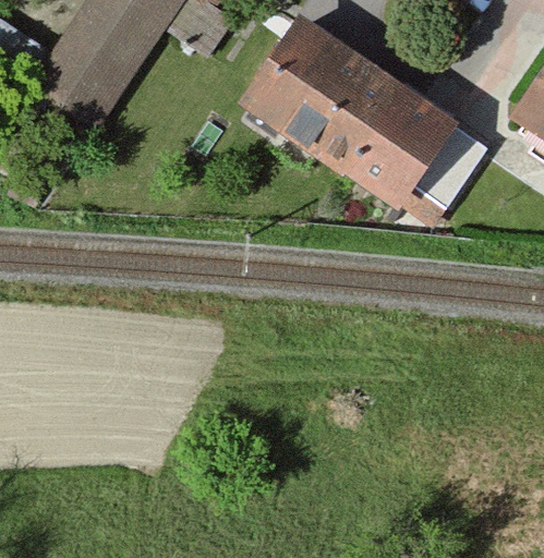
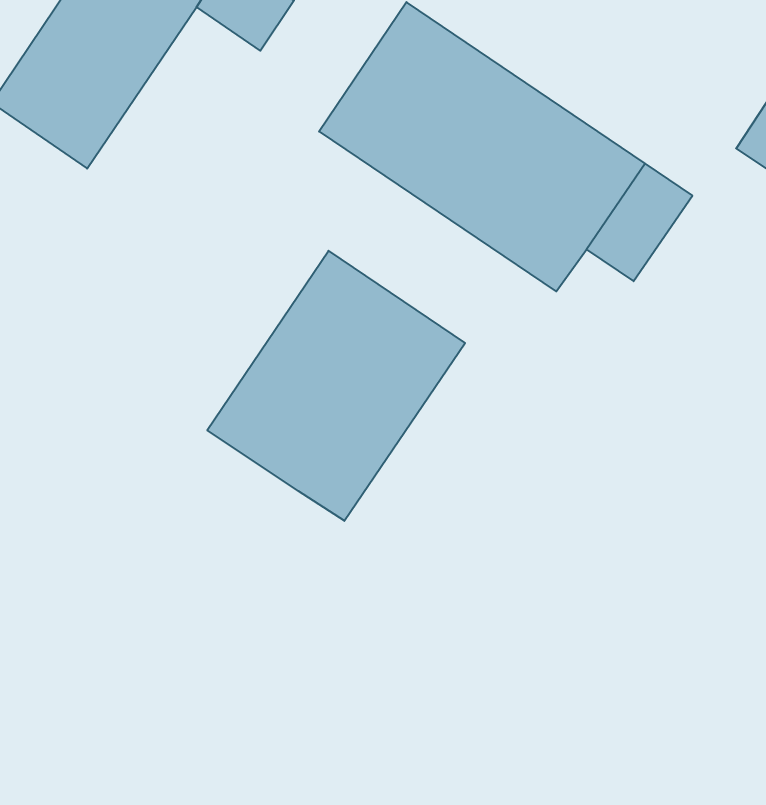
building: none -> [207,251,465,521]

